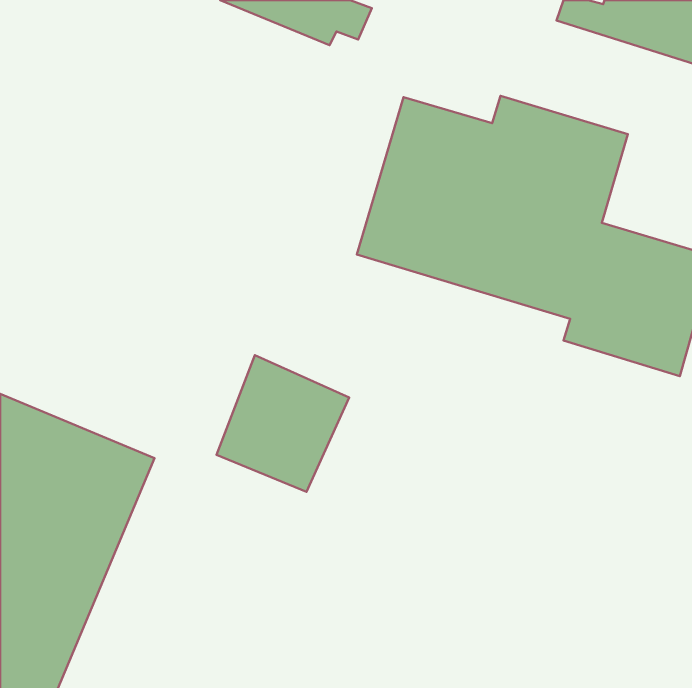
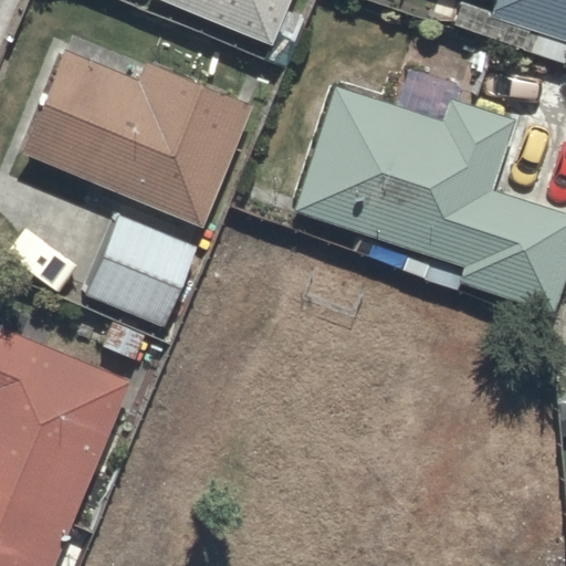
building: none -> [21,49,250,227]
building: [216,355,349,492] -> [87,211,195,322]

